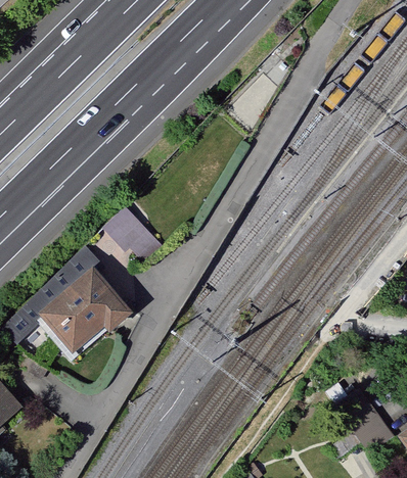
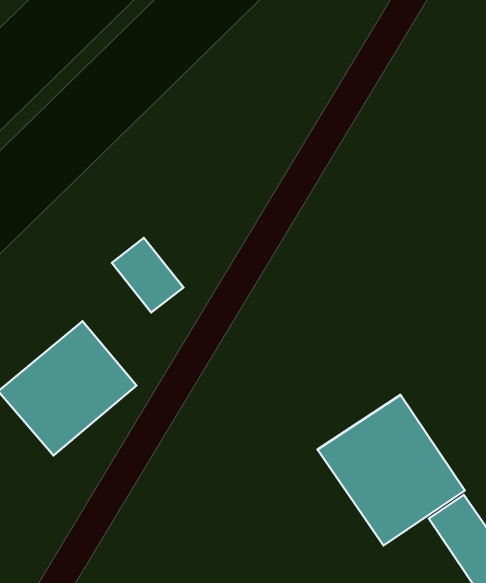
building: none -> [317,395,465,546]

